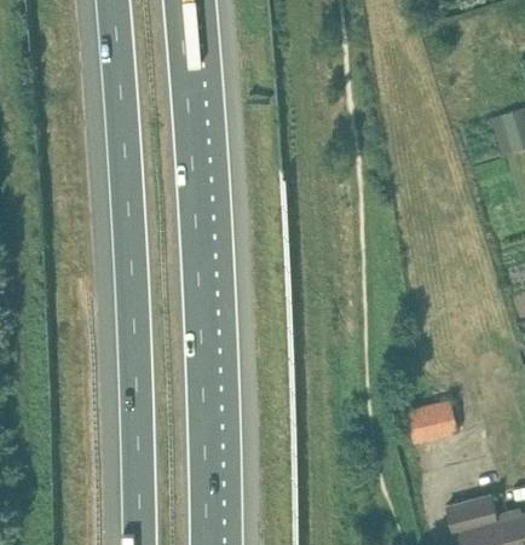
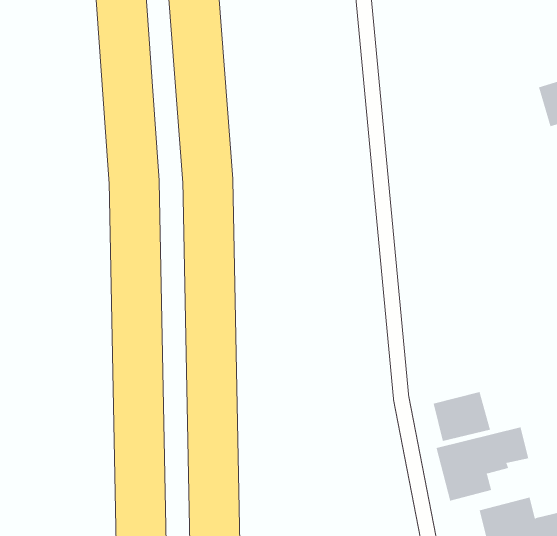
building: none -> [436,426,529,501]

